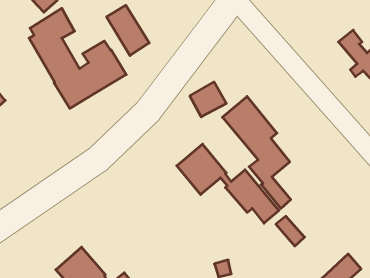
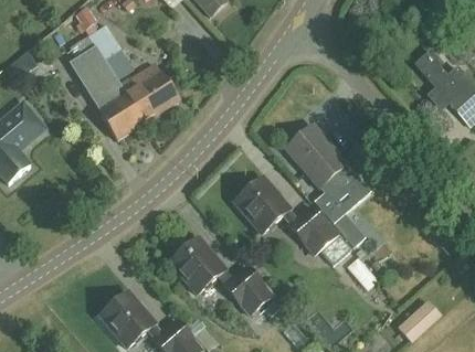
building: [107,5,149,56] -> none
building: [190,82,226,117] -> none
building: none -> [170,236,272,311]

